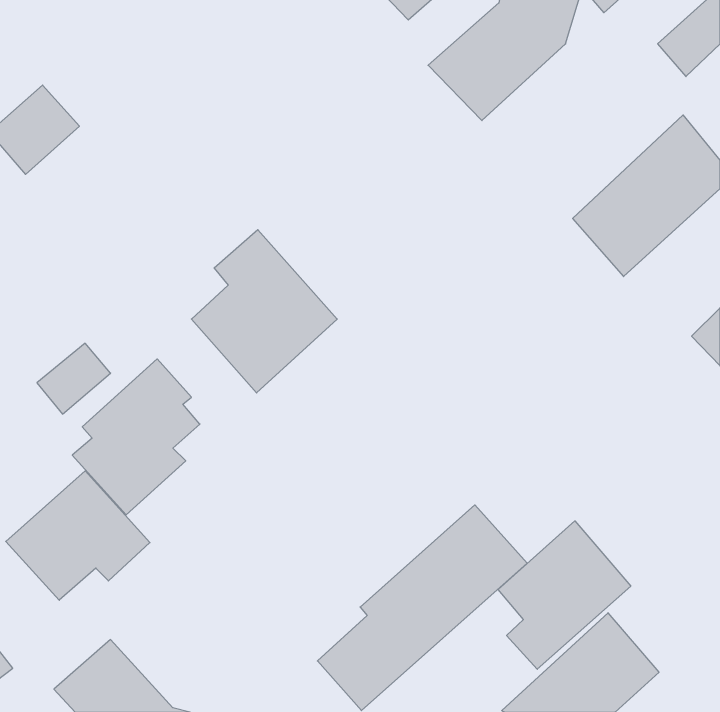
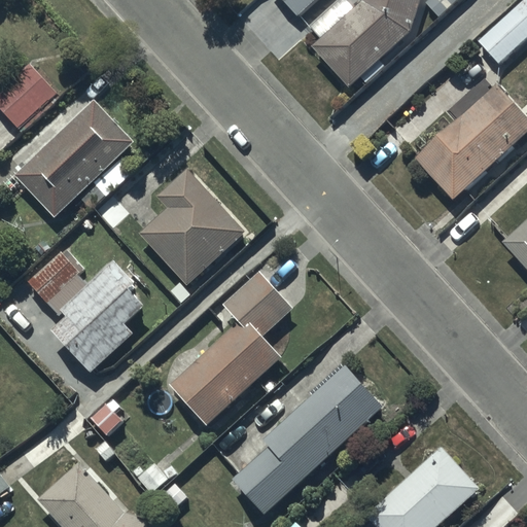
building: none -> [16,101,134,219]
building: none -> [168,271,291,427]
building: [6,471,150,600] -> none
building: [498,521,631,669] -> none

